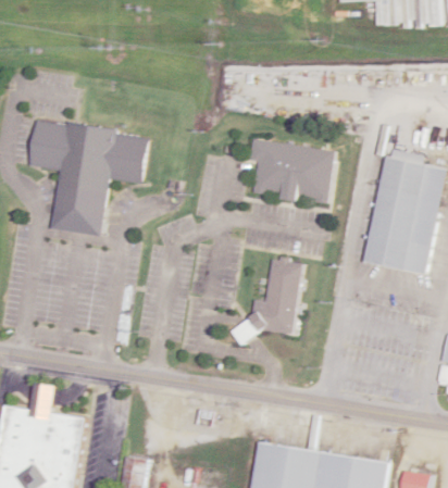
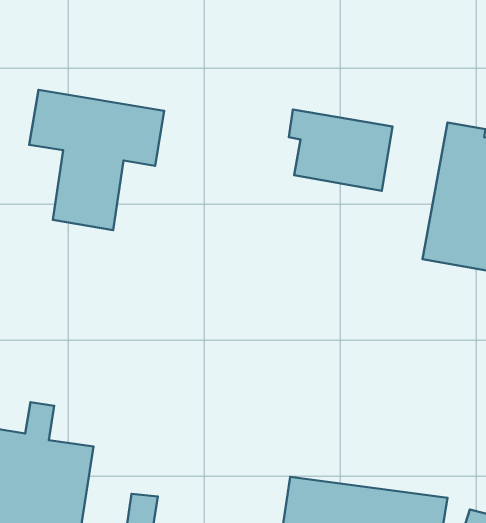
building: [237,261,307,345] -> none

